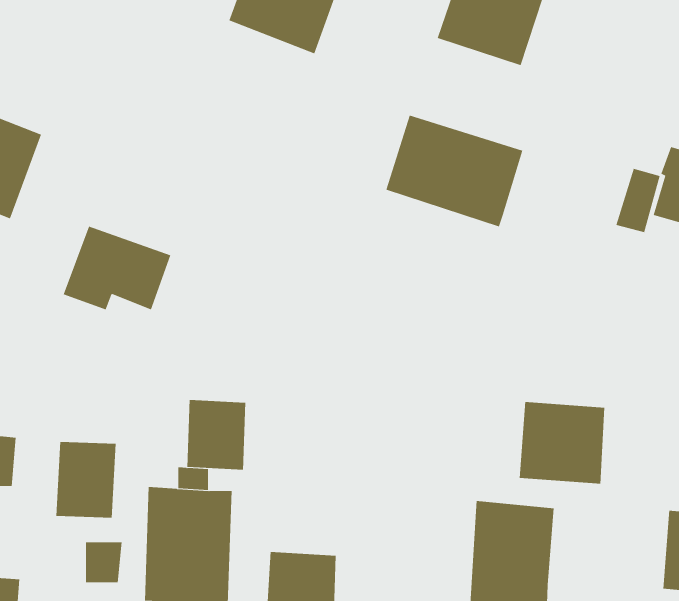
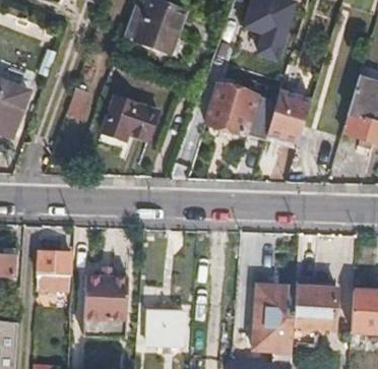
building: none -> [267,90,312,143]
building: [63,226,171,310] -> [103,97,159,140]
building: [187,399,246,470] -> none
building: [519,402,605,484] -> [291,286,335,328]

